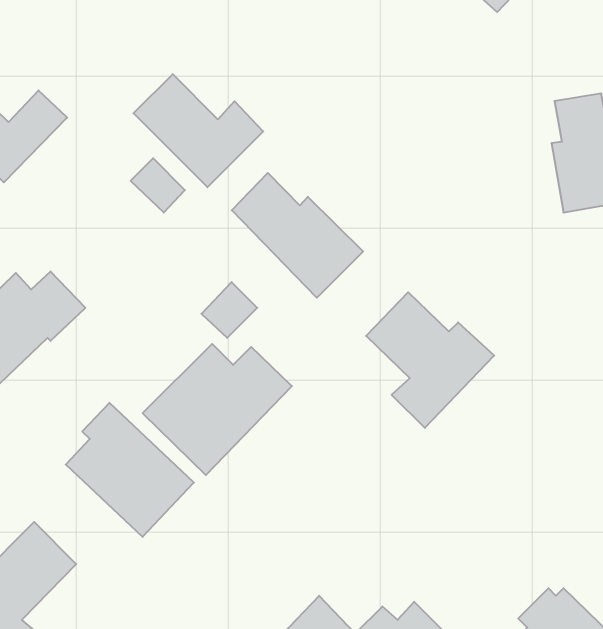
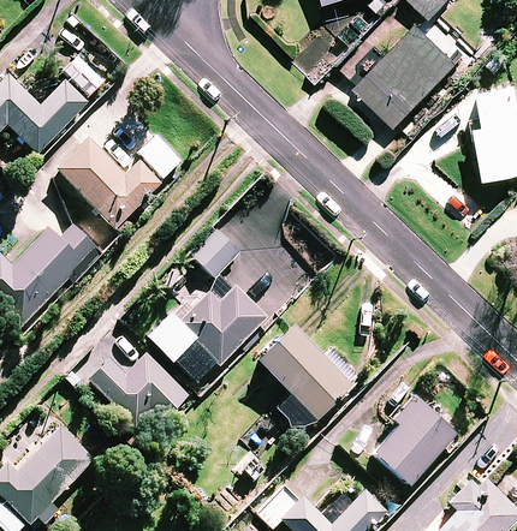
building: none -> [355,24,465,125]
building: [133,74,263,187] -> [57,138,160,228]
building: [232,173,363,298] -> none
building: [366,292,494,428] -> [256,326,358,434]
building: none -> [373,395,456,484]

